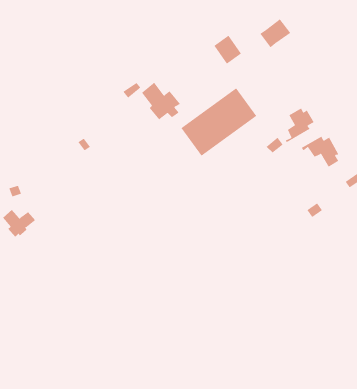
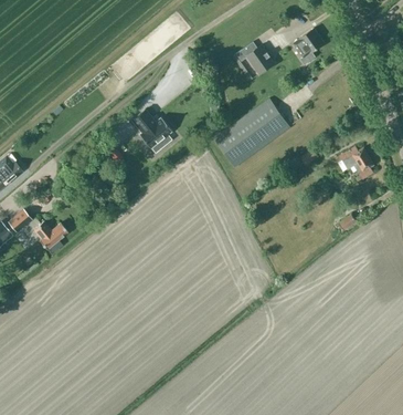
building: [141,82,181,120] -> [130,110,170,148]
building: [285,108,315,143] -> none

